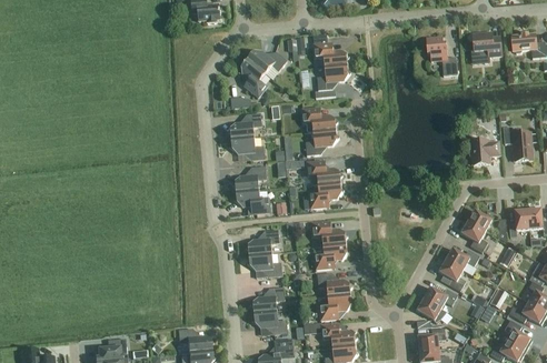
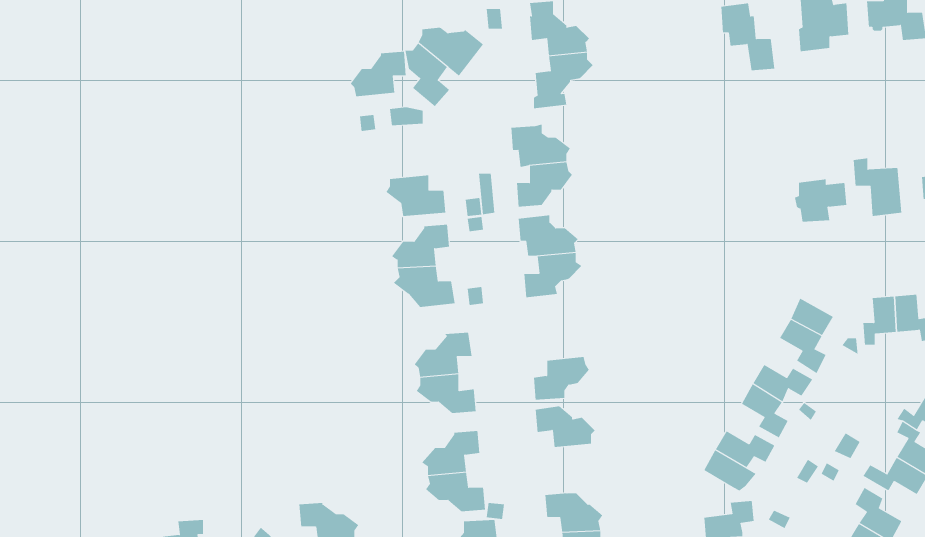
building: [228,112,261,139] -> [350,51,407,97]
building: [312,221,348,245] -> none
building: [320,294,354,320] -> none

